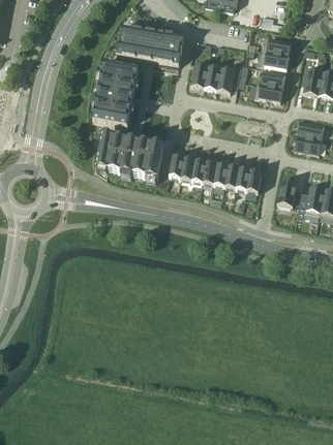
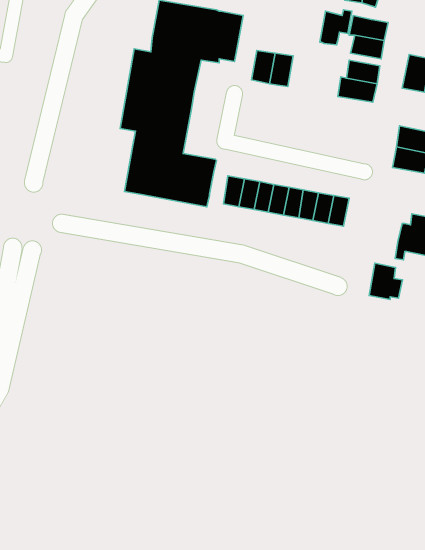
building: [217,64,241,90] -> [320,10,352,45]
building: [277,177,302,203] -> [369,263,403,300]

